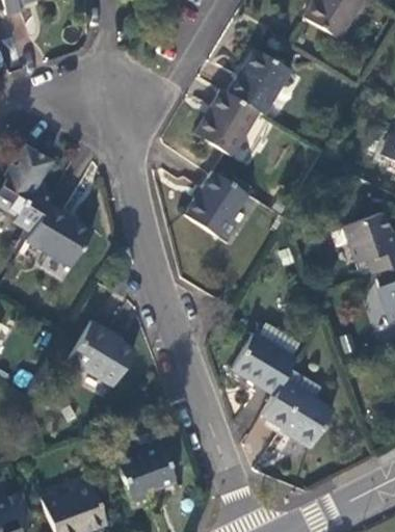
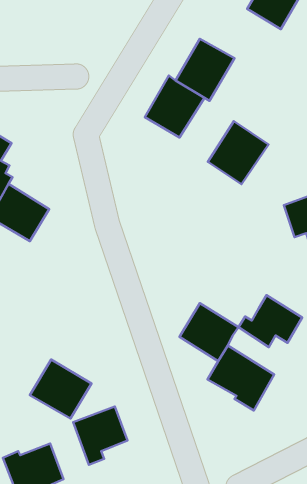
building: [186,171,252,239] -> [208,121,269,184]
building: [70,322,136,385] -> [30,359,92,418]
building: none -> [238,295,302,347]

